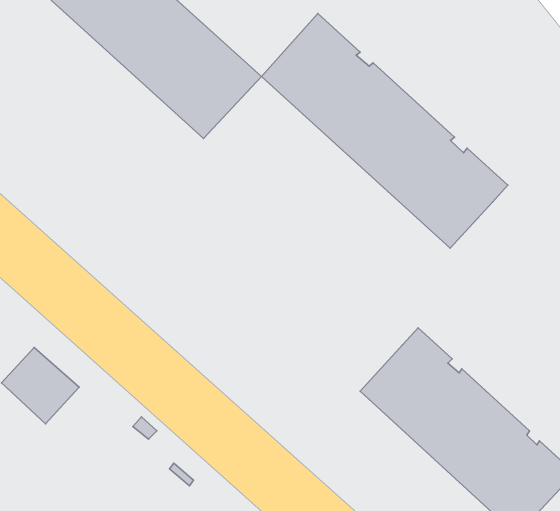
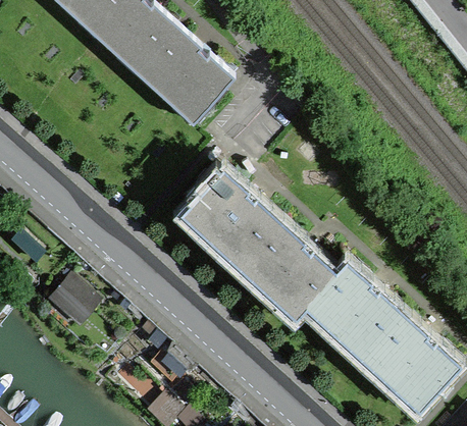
building: [261,13,508,248] -> none
building: none -> [180,168,335,317]

